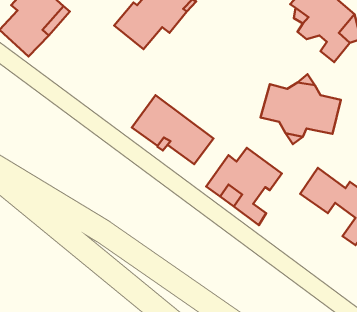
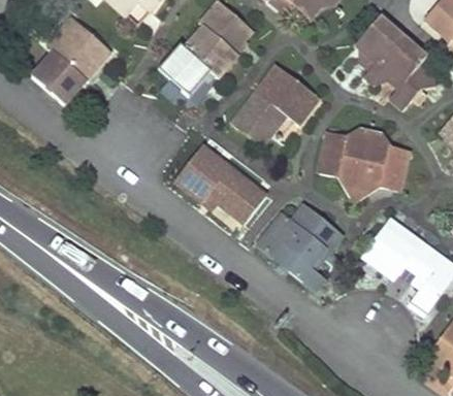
building: none -> [233,68,320,146]

